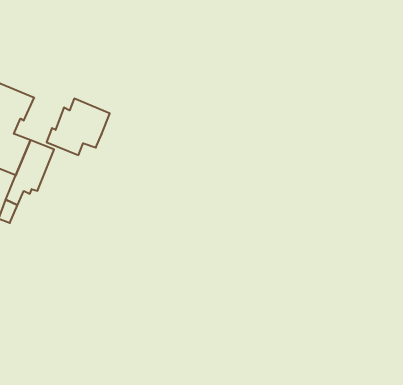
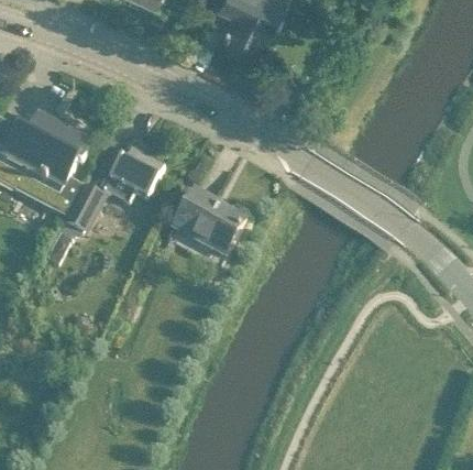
building: none -> [173,187,245,254]

